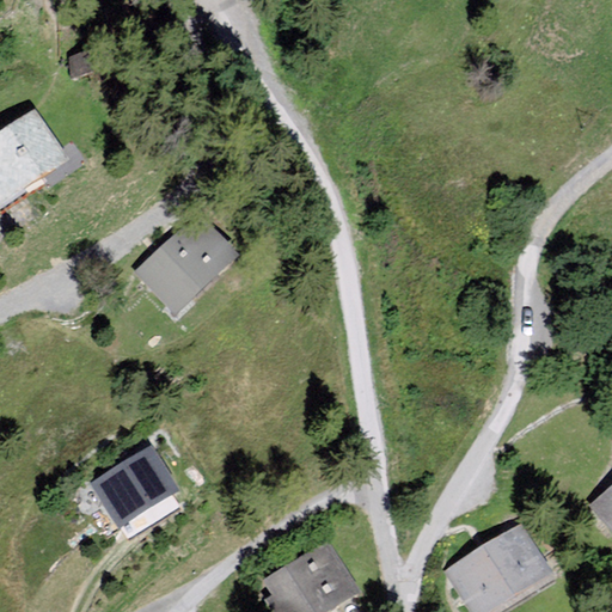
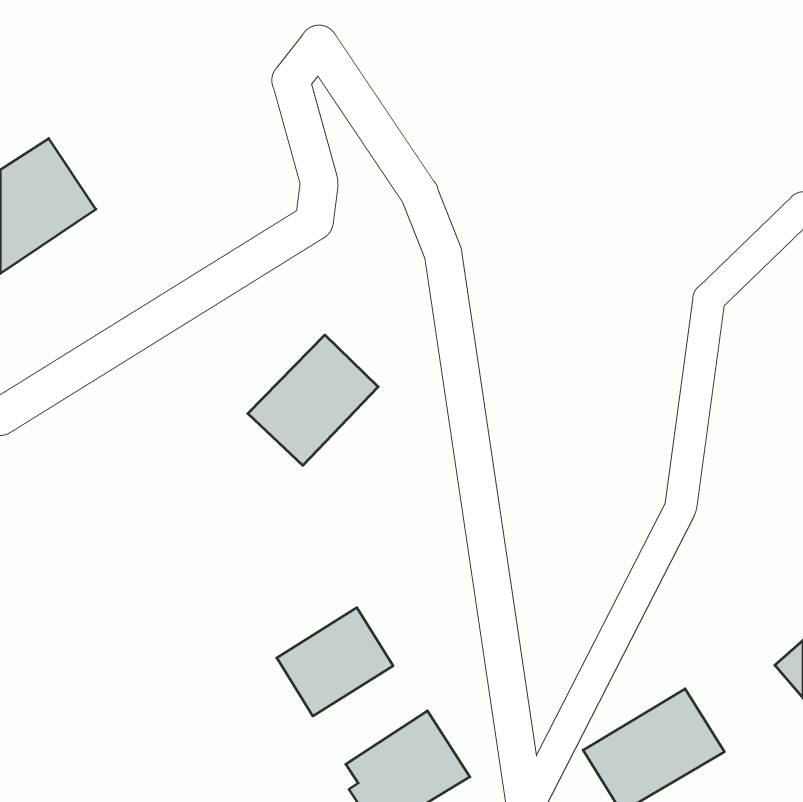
building: [135,218,234,317] -> [248,335,378,465]
building: [91,446,179,528] -> [277,608,393,716]

